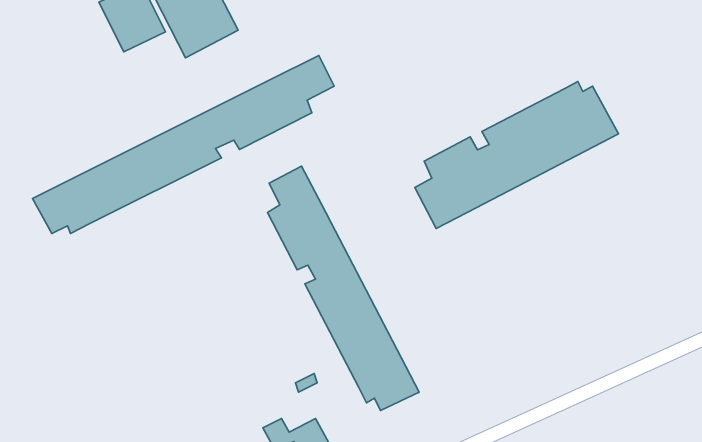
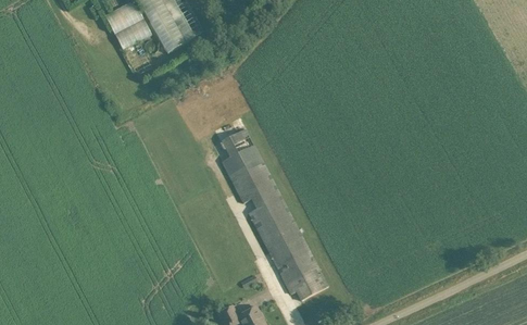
building: [32,55,334,234] -> none
building: [415,81,618,229] -> none

